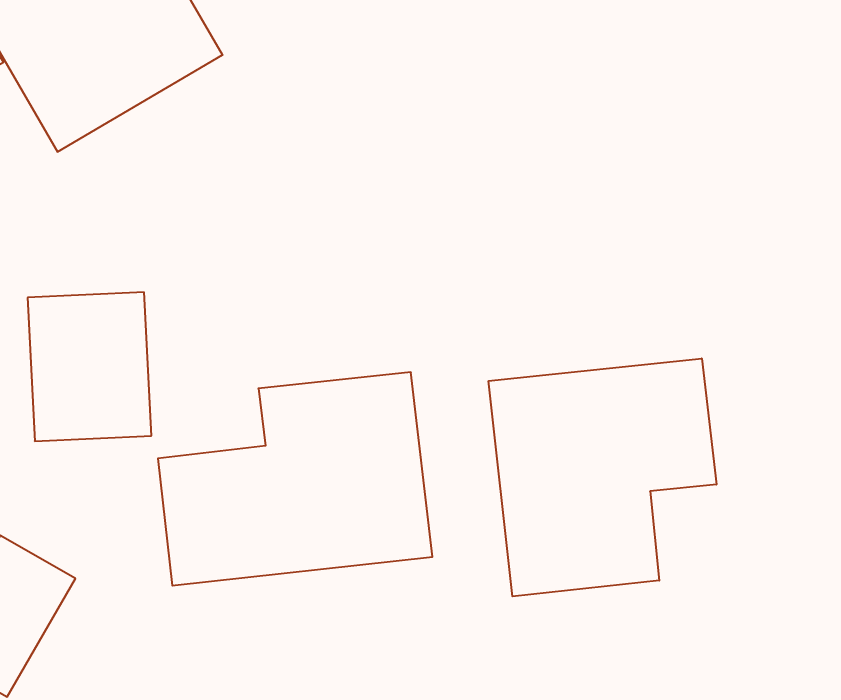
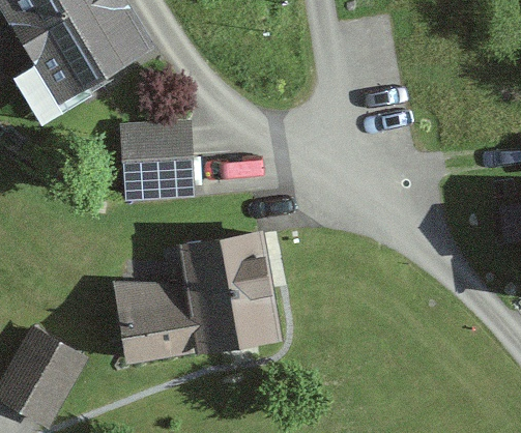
building: [28,292,151,441] -> [116,121,187,207]
building: [489,358,716,596] -> none

